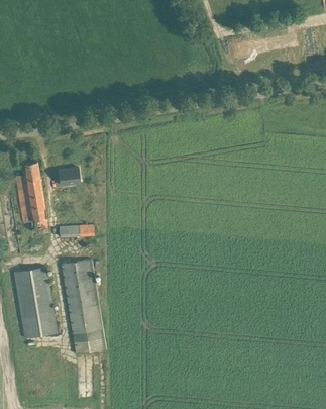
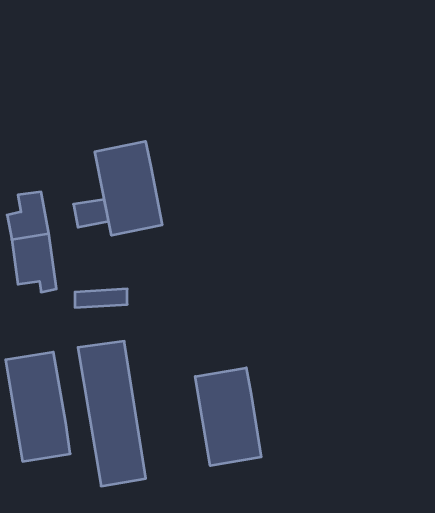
building: none -> [95,141,162,235]
building: none -> [195,368,261,466]

